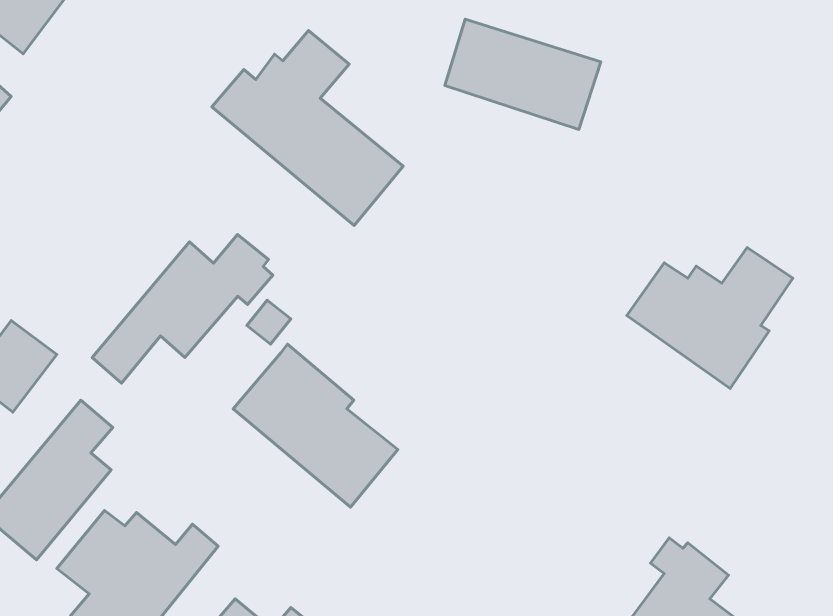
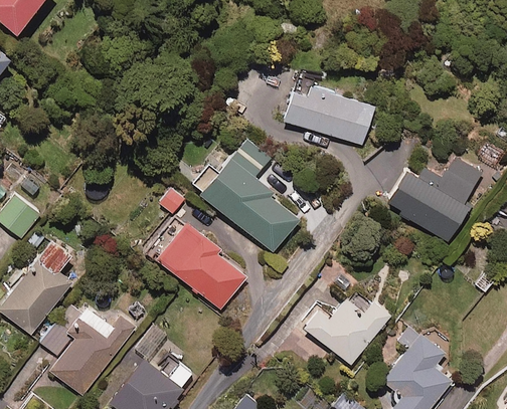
building: [445,19,601,130] -> [280,78,372,144]
building: [212,30,403,226] -> [186,136,300,251]
building: [92,234,273,383] -> none
building: none -> [302,284,388,364]

